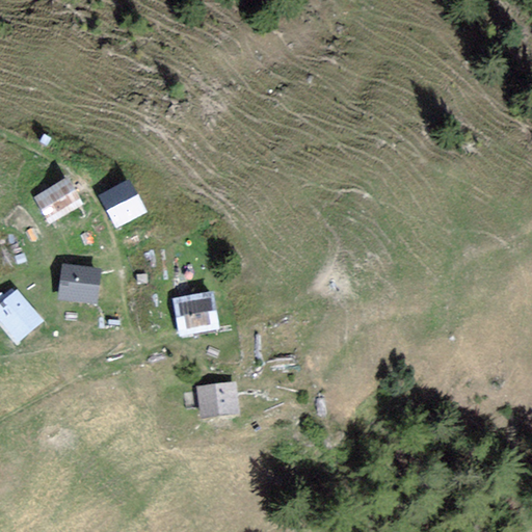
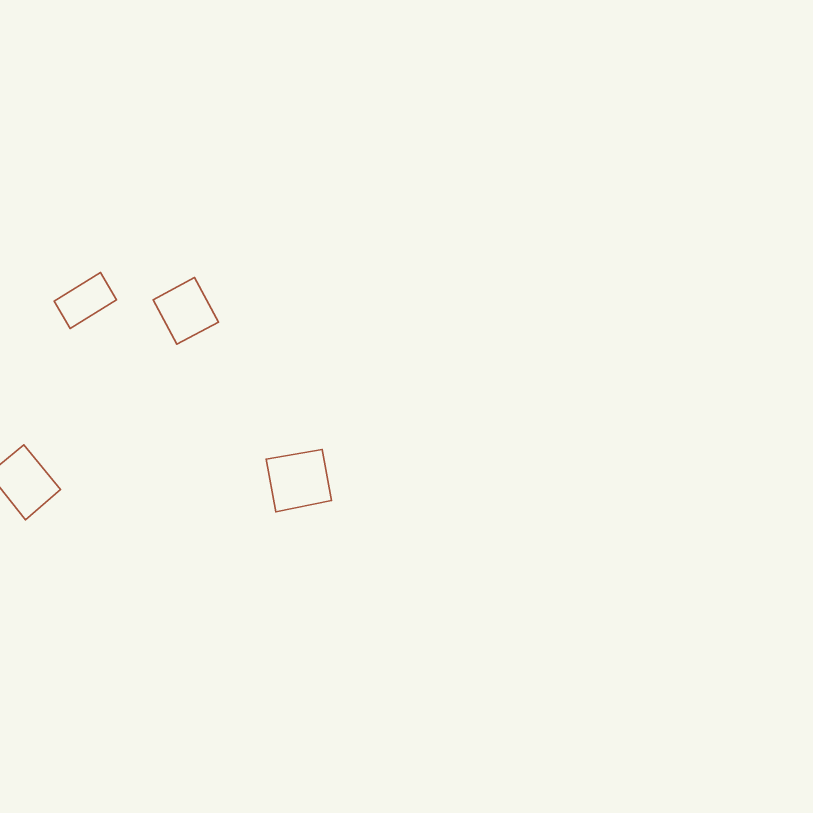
building: [59,265,98,300] -> none
building: [198,382,236,414] -> none

